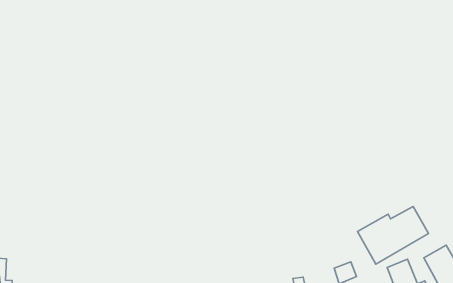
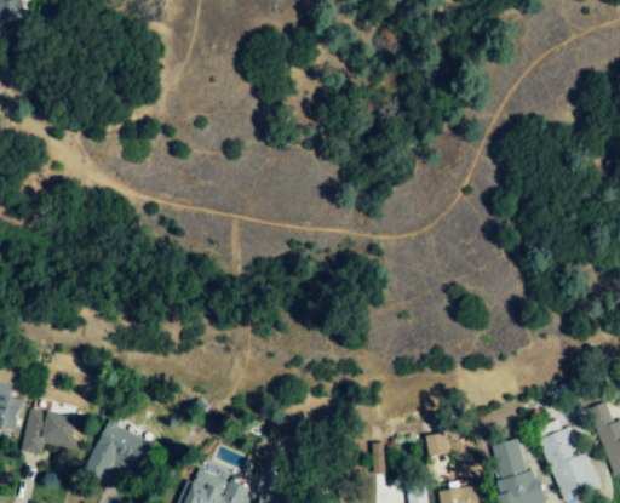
building: [357,206,428,264] -> none

